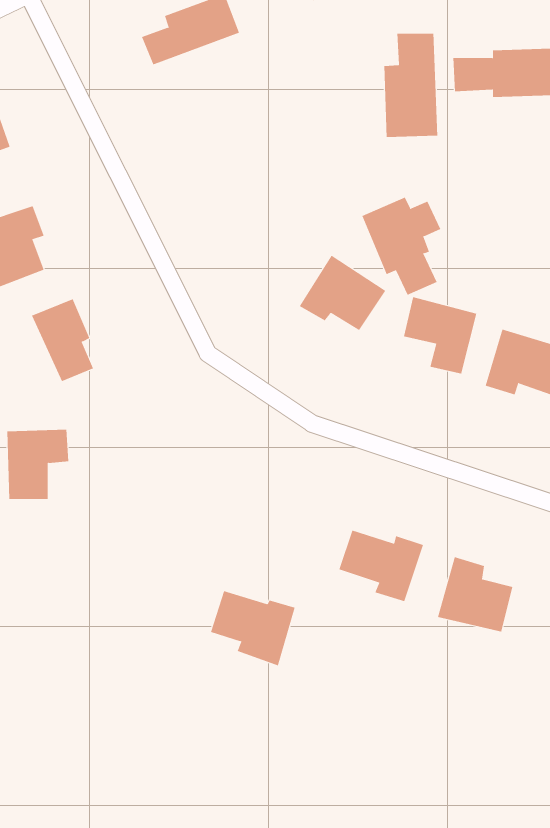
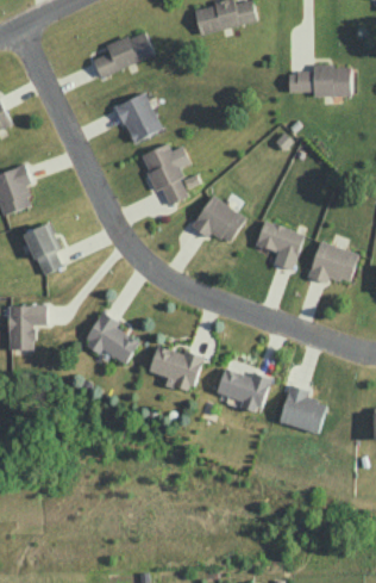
building: [384,33,438,138] -> none
building: none -> [114,93,161,143]
building: [361,197,441,296] -> [139,143,189,205]
building: none -> [82,312,138,365]
building: [210,590,296,666] -> [148,346,201,393]

